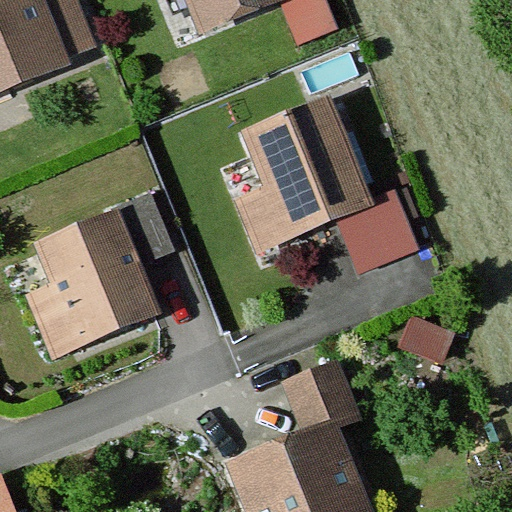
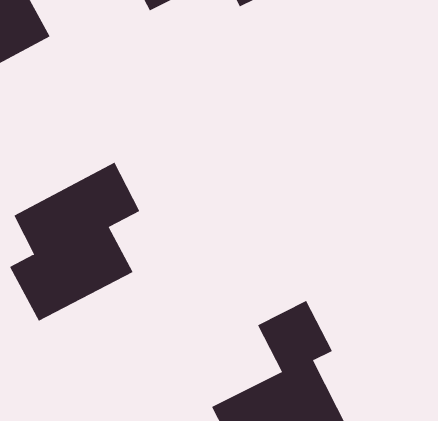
building: [235,93,416,270] -> none

